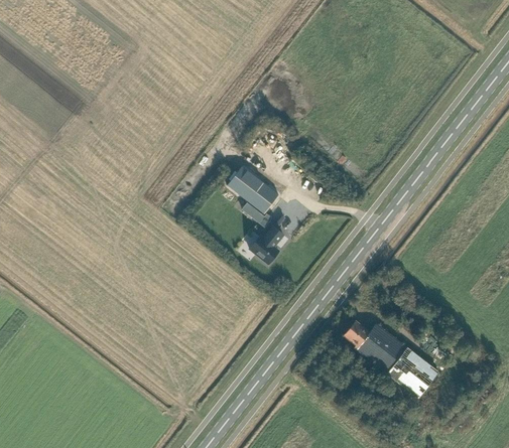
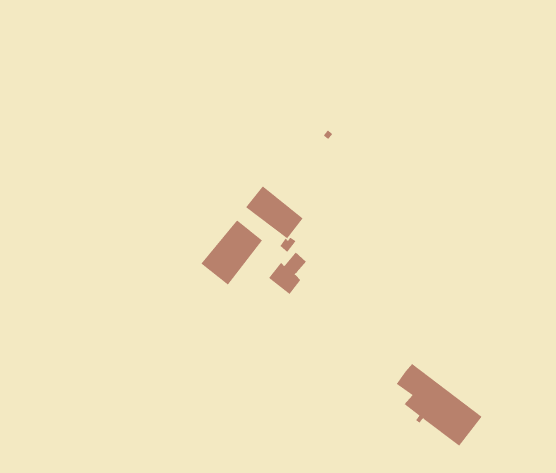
building: none -> [200,219,263,285]
building: [342,319,373,358] -> none

